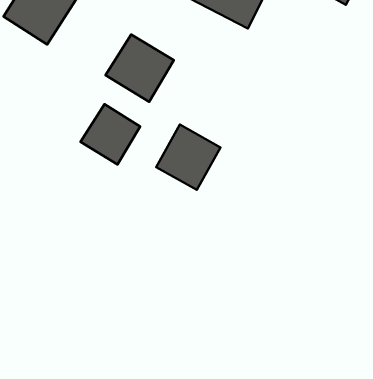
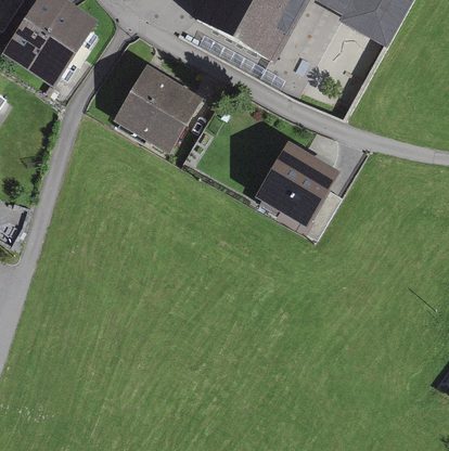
building: [81,104,140,165] -> none
building: [156,125,221,190] -> [261,144,332,216]

